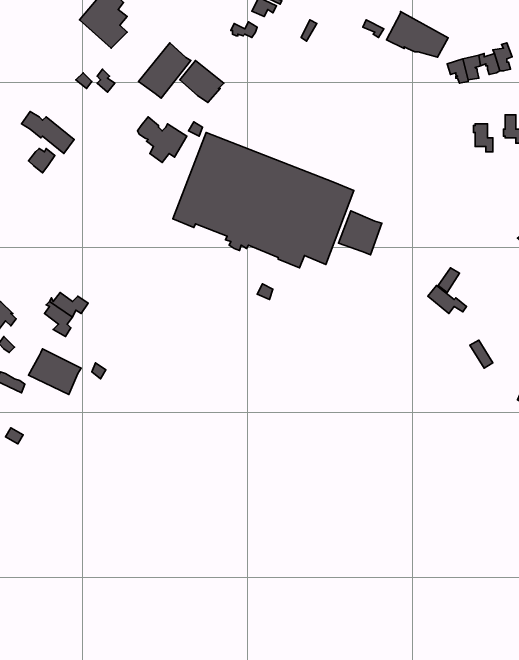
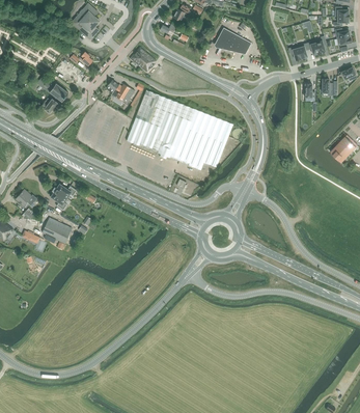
building: [387,12,448,57] -> [215,27,251,54]
building: [138,43,191,98] -> none
building: [338,211,382,255] -> none

